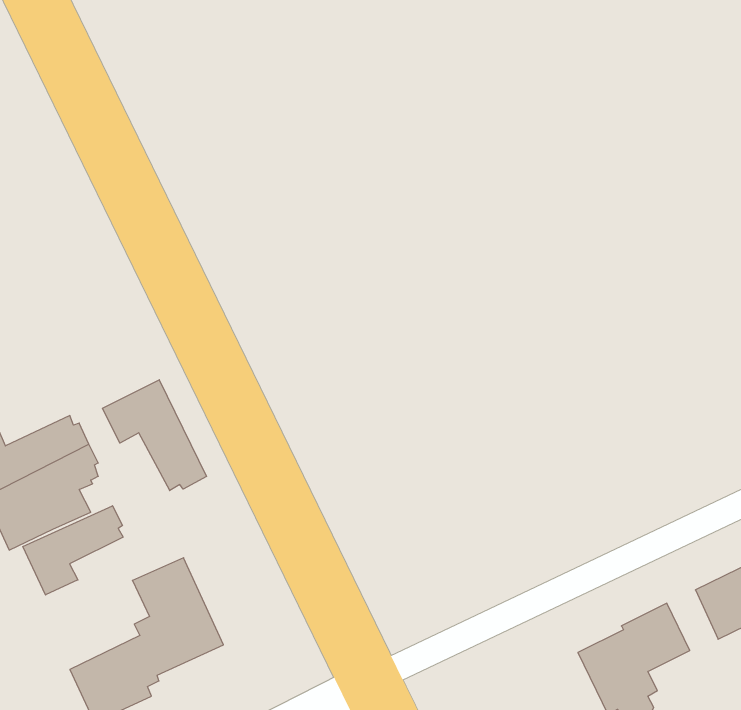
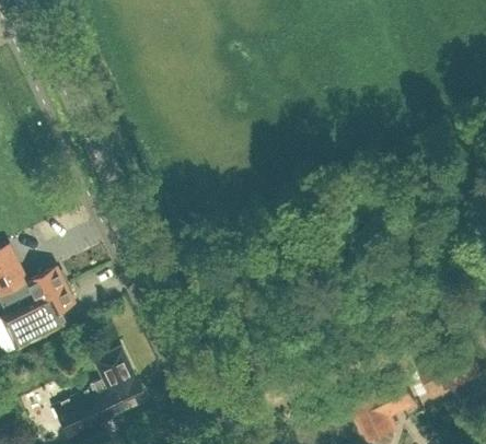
building: [102,380,207,491] -> none
building: [23,506,123,595] -> none

